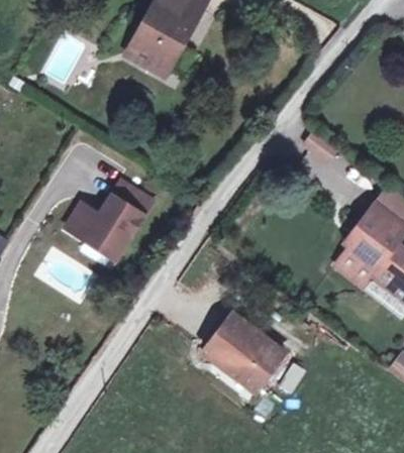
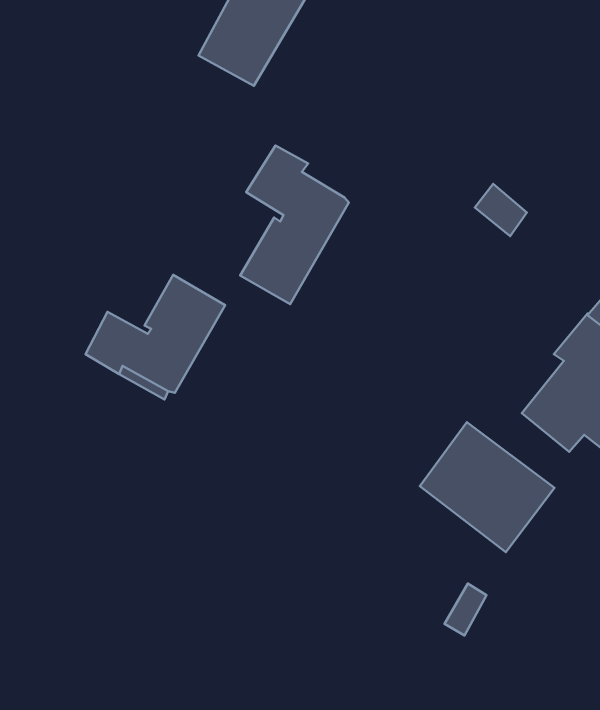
building: none -> [240,145,349,304]
building: [200,317,281,394] -> [420,422,555,552]

